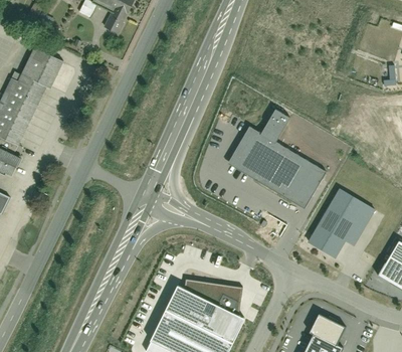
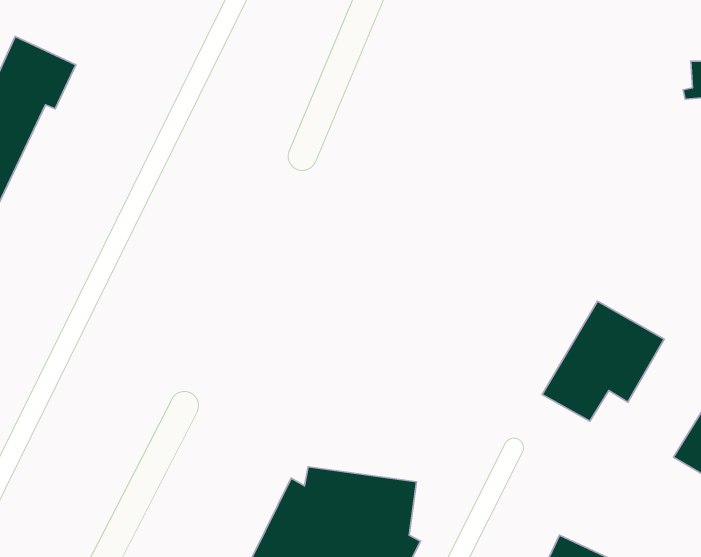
building: [227,110,326,208] -> none

